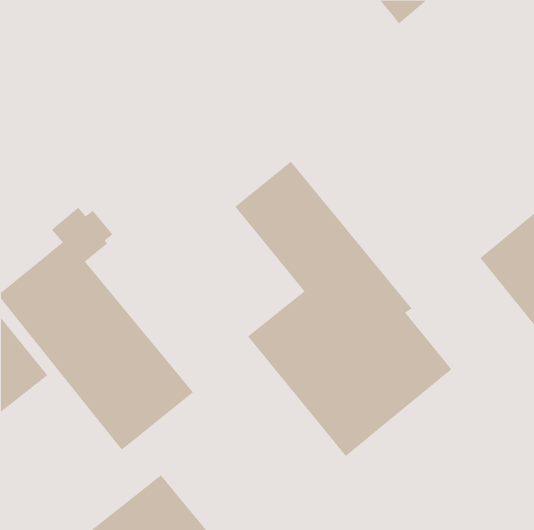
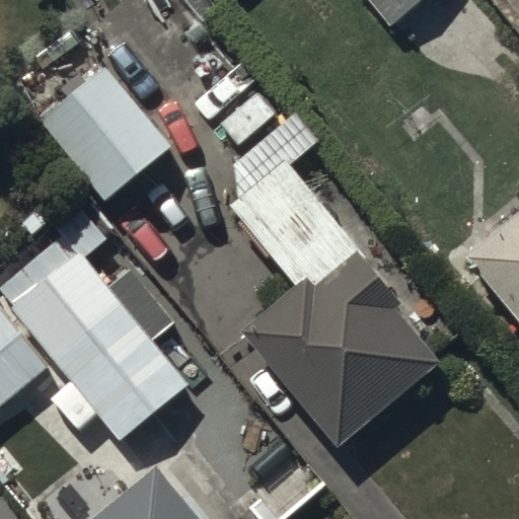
building: none -> [36,64,168,198]

